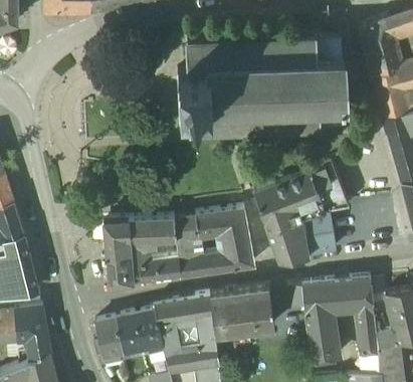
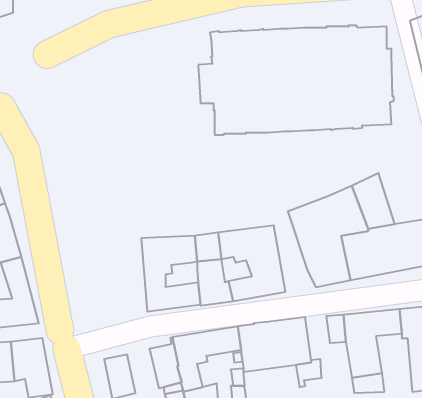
building: [101,218,133,285] -> none
building: [116,314,143,352] -> none

